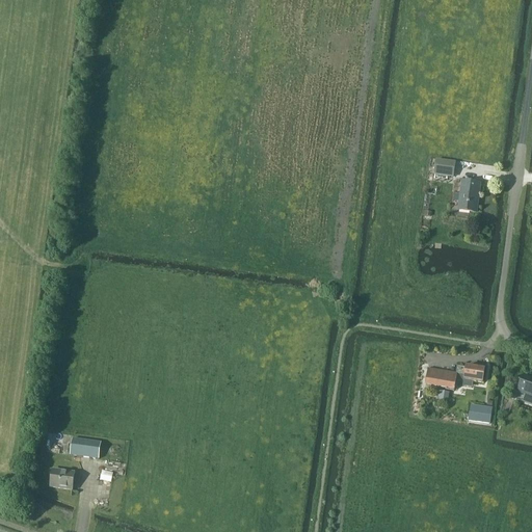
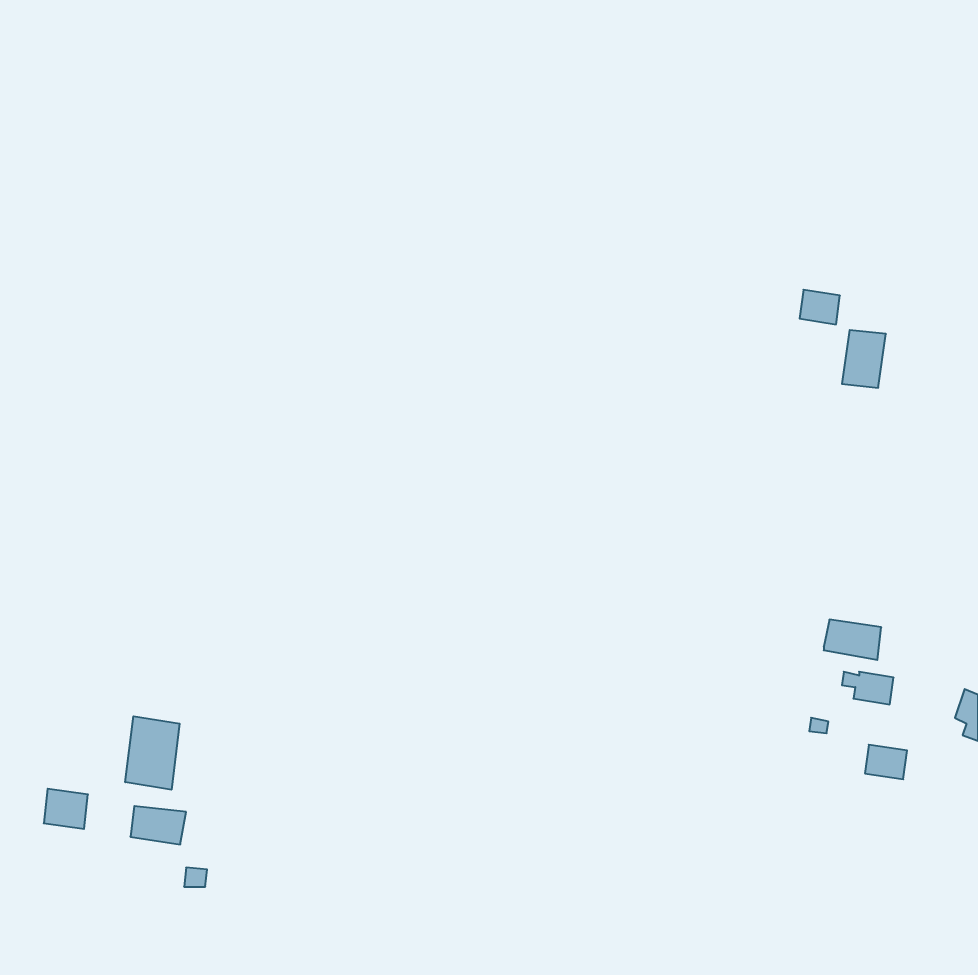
building: [425,367,456,389] -> [824,620,881,660]
building: none -> [125,716,180,790]
building: [50,467,74,488] -> [44,789,88,829]

